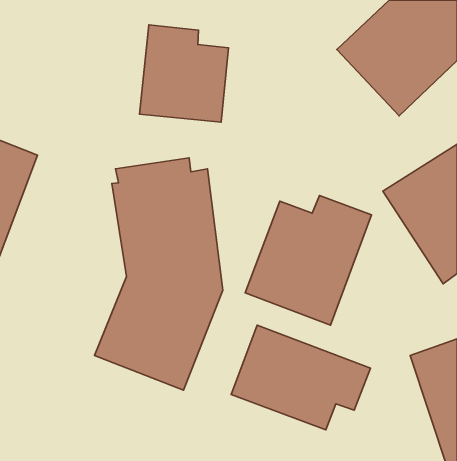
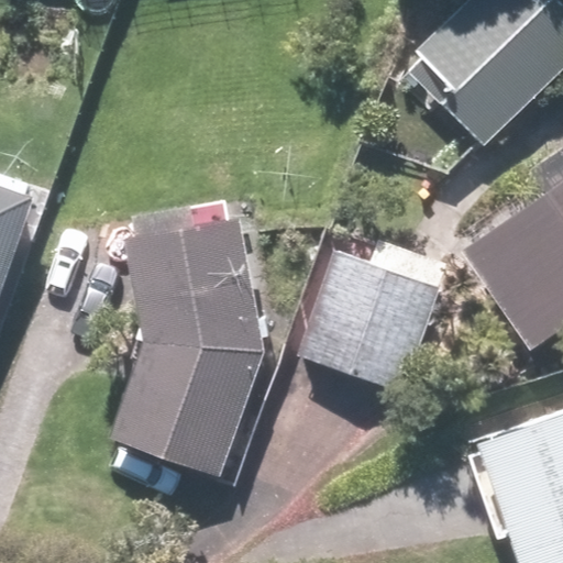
building: [139,25,228,122] -> none
building: [231,325,370,430] -> none

